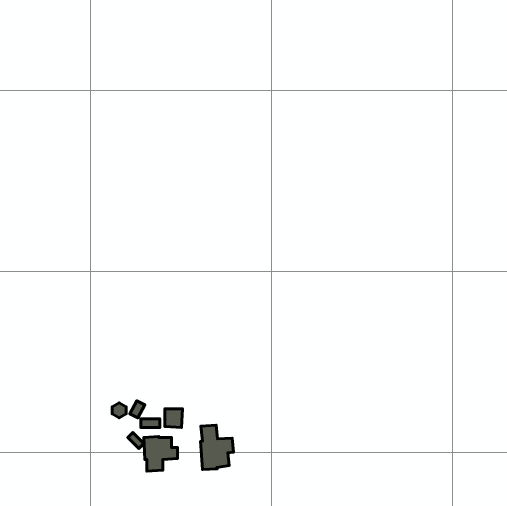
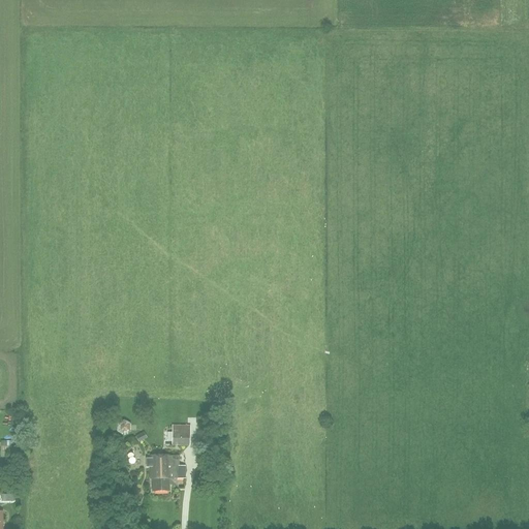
building: [200,425,234,469] -> none

